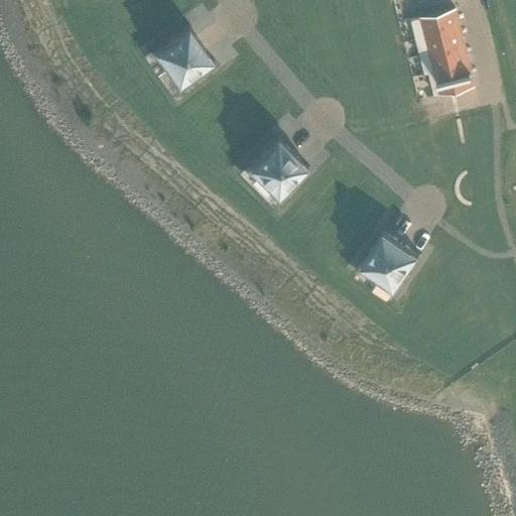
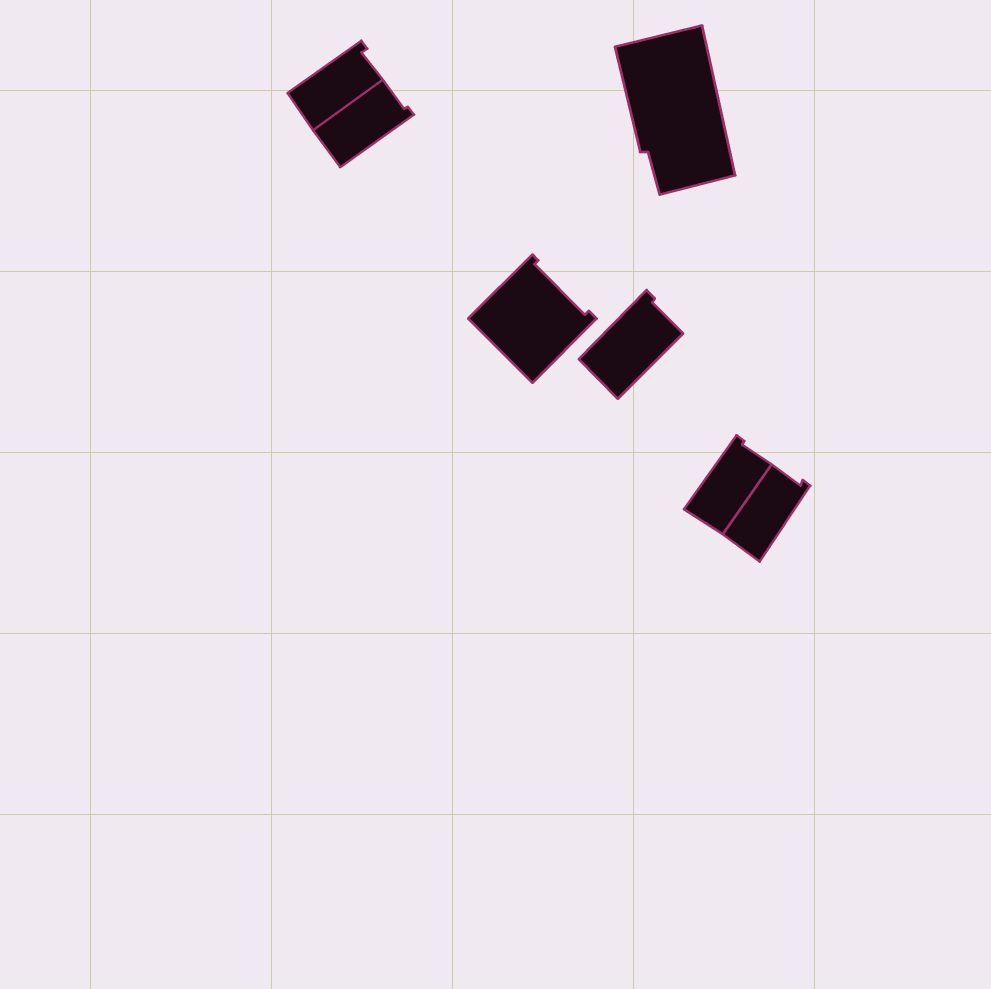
building: [410,6,473,94] -> [615,26,735,195]
building: none -> [579,290,683,399]

